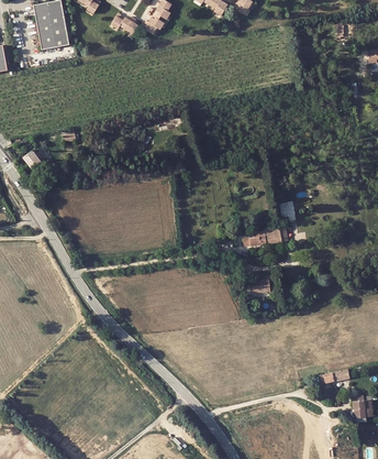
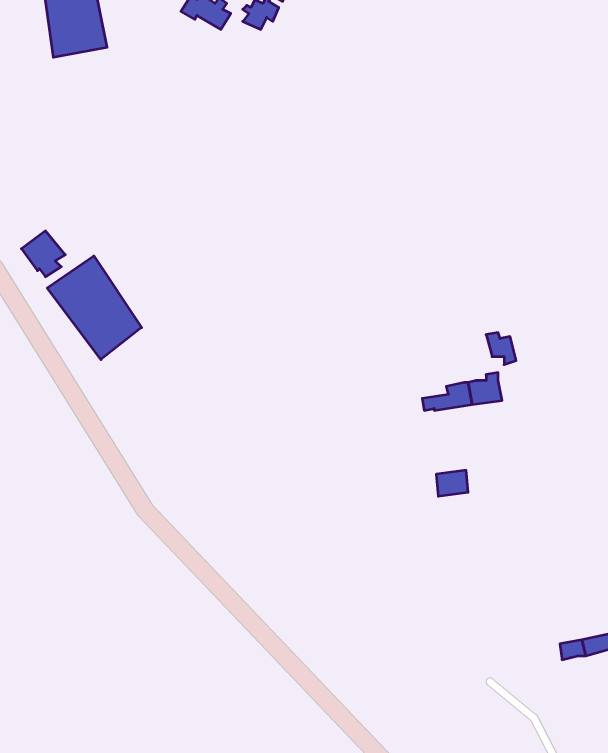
building: none -> [47,256,142,360]

